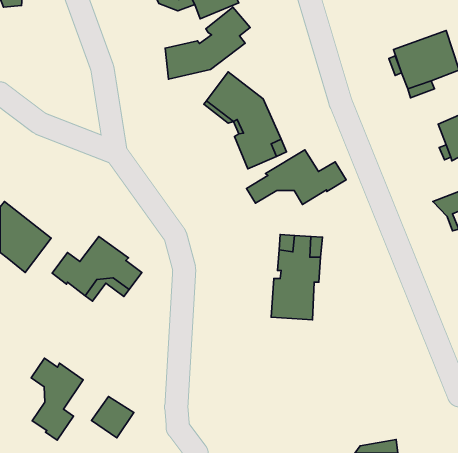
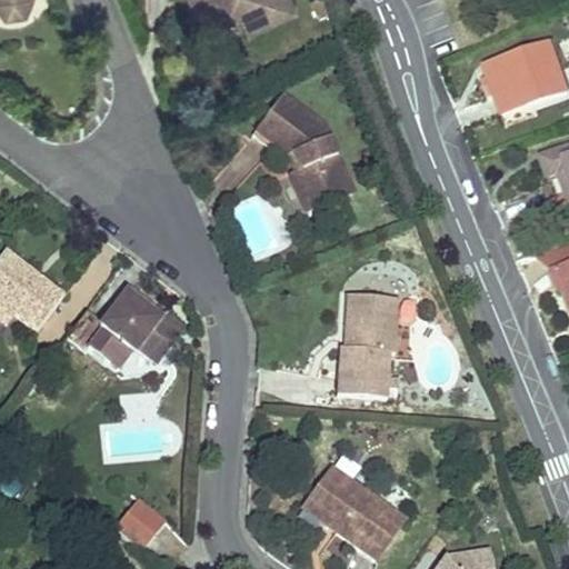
building: [165,7,250,79] -> none
building: [246,150,346,205] -> none
building: [31,358,83,440] -> none
building: none -> [303,463,406,556]

